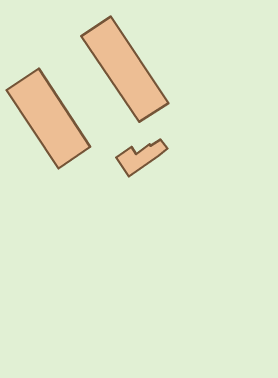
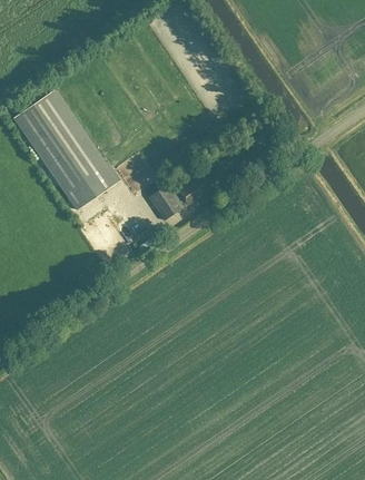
building: [81,16,169,122] -> none

